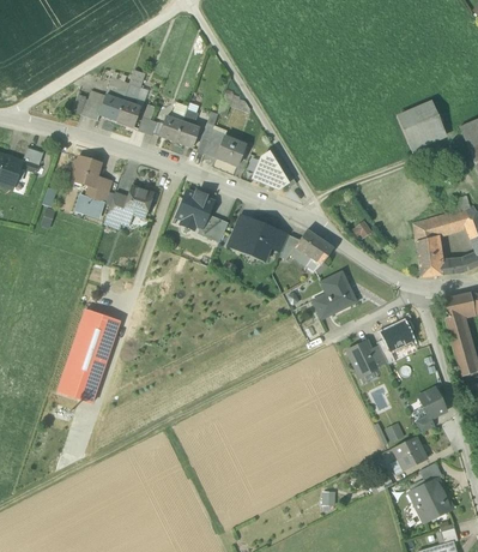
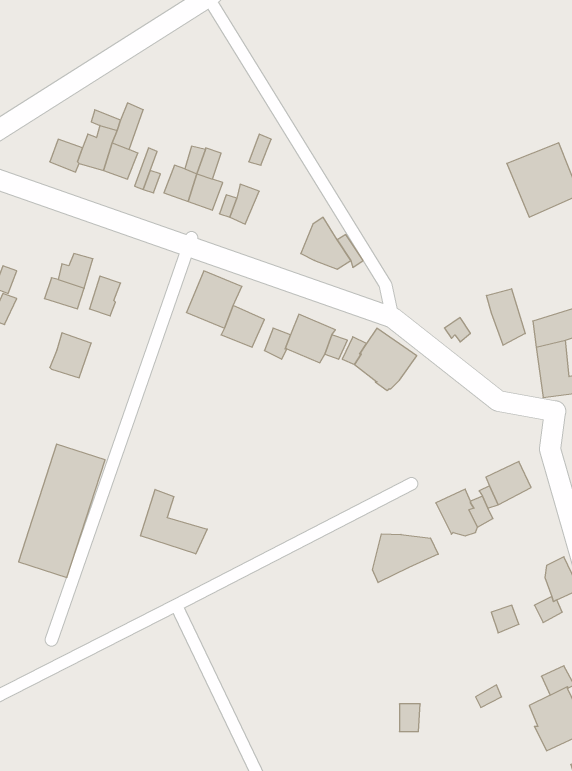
building: [216,133,248,166] -> none
building: [72,156,101,185] -> none
building: [125,185,153,216] -> [50,333,91,378]
building: none -> [486,289,525,345]
building: [314,271,355,319] -> none
building: none -> [141,489,207,554]
building: none -> [373,534,438,583]
building: [393,436,426,468] -> none

